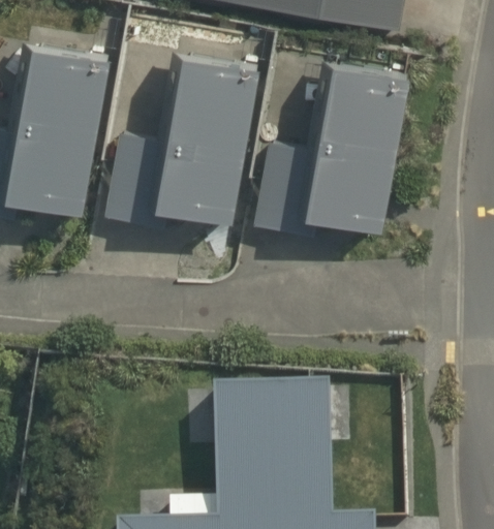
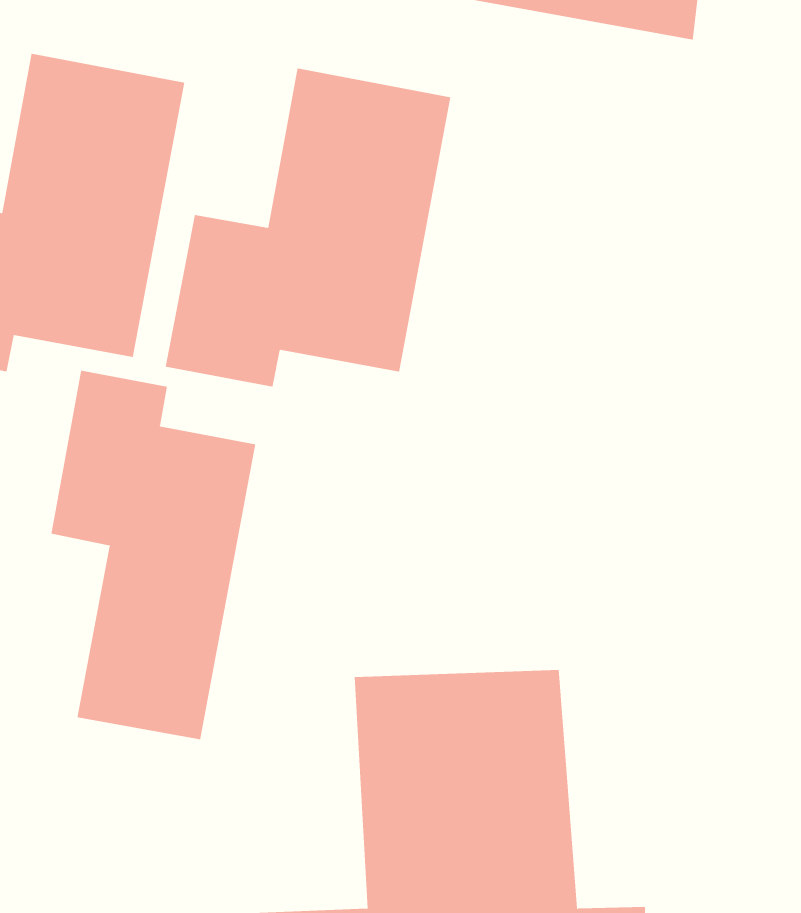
building: [250,58,411,238] -> none
building: none -> [51,370,256,740]

